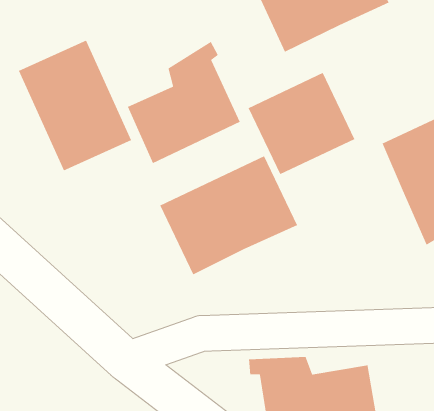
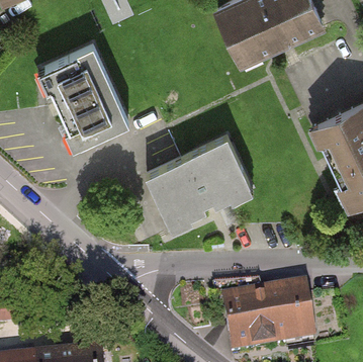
building: [127,41,241,164] -> none
building: [248,72,355,175] -> none

